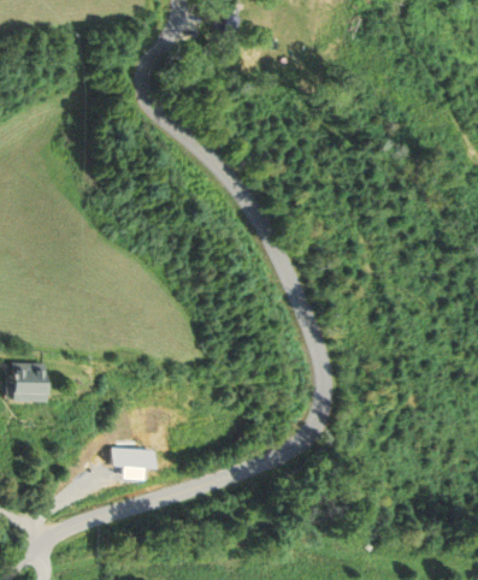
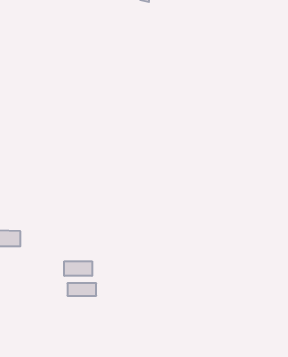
building: none -> [64,261,92,276]

